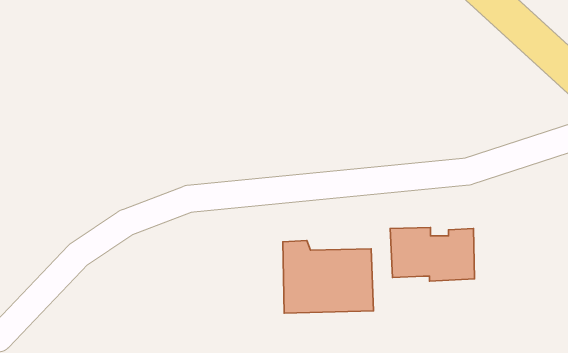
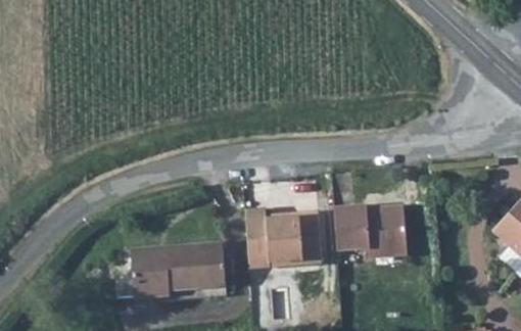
building: none -> [131,238,224,290]

